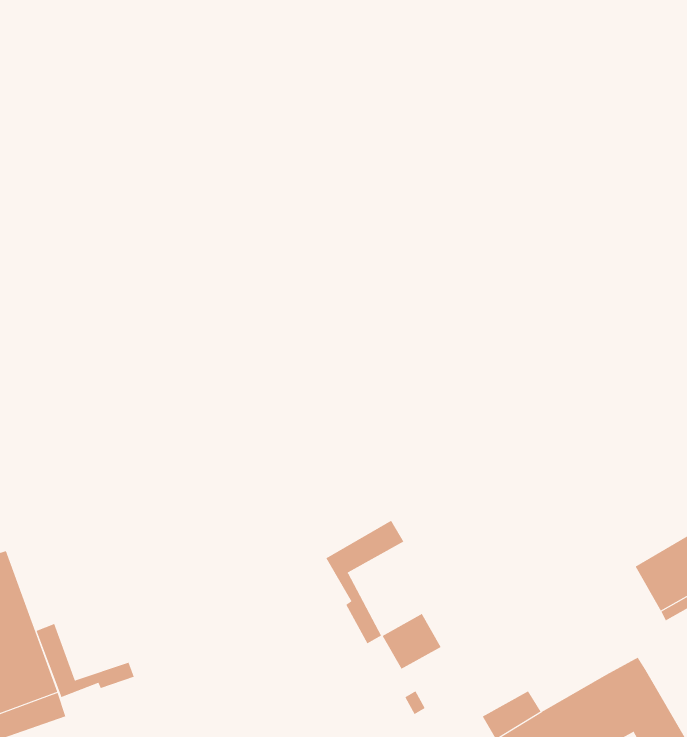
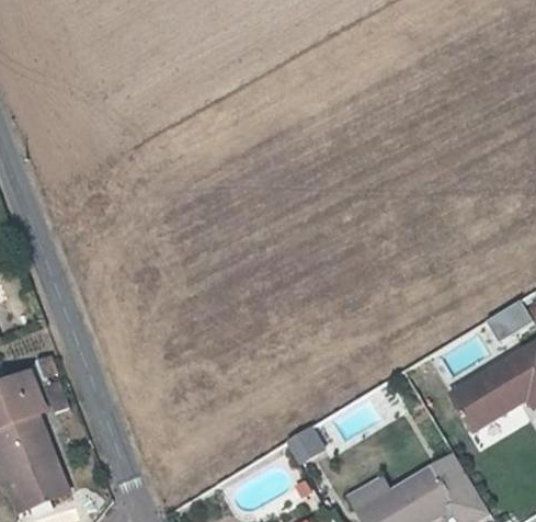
building: [326,520,404,644] -> none
building: [36,623,134,698] -> none

